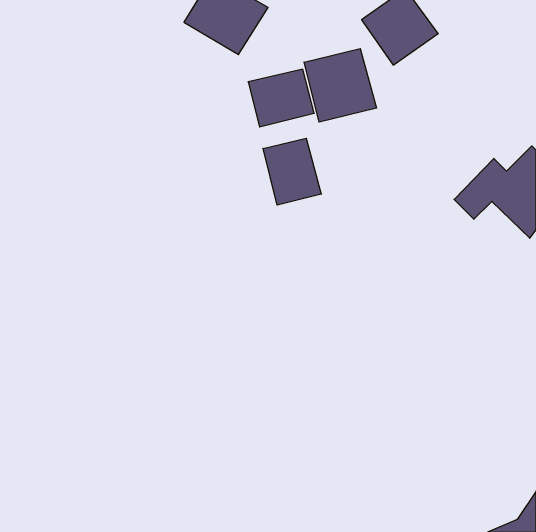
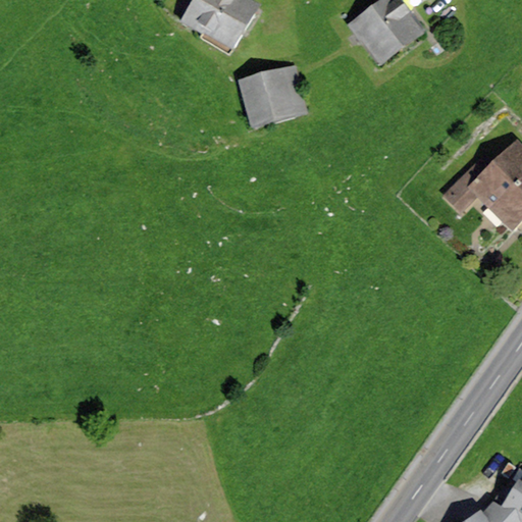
building: [304,49,377,122] -> none
building: [263,138,321,205] -> none

